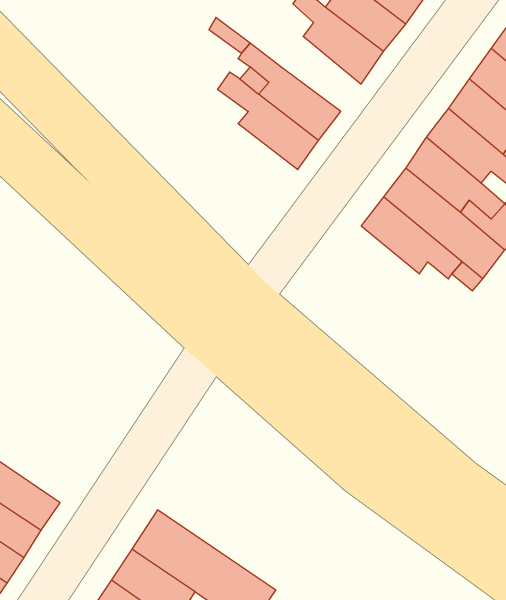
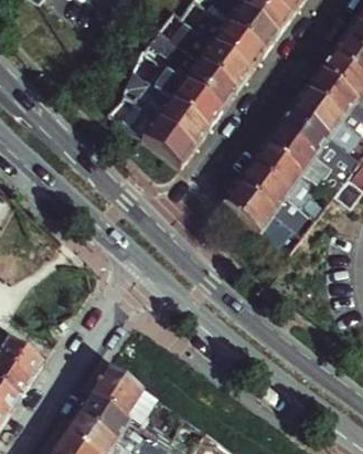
building: none -> [171,43,236,107]
building: none -> [116,89,195,166]
building: none -> [222,181,300,239]

